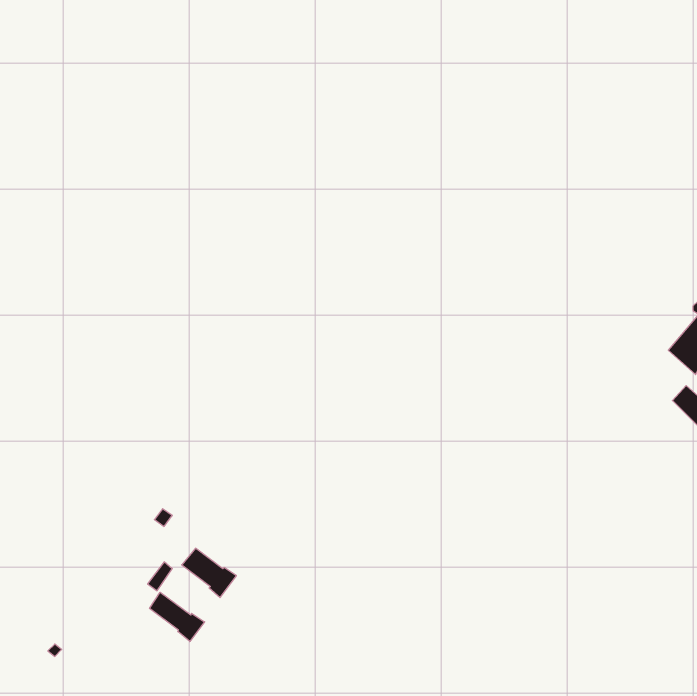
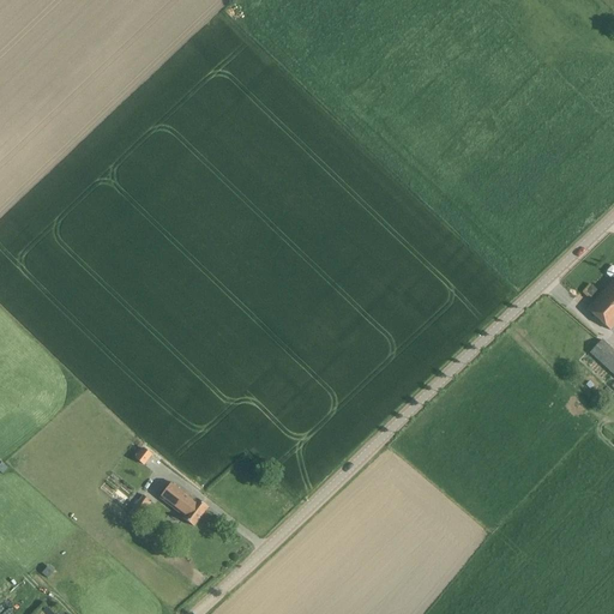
building: [150,592,205,642] -> none

